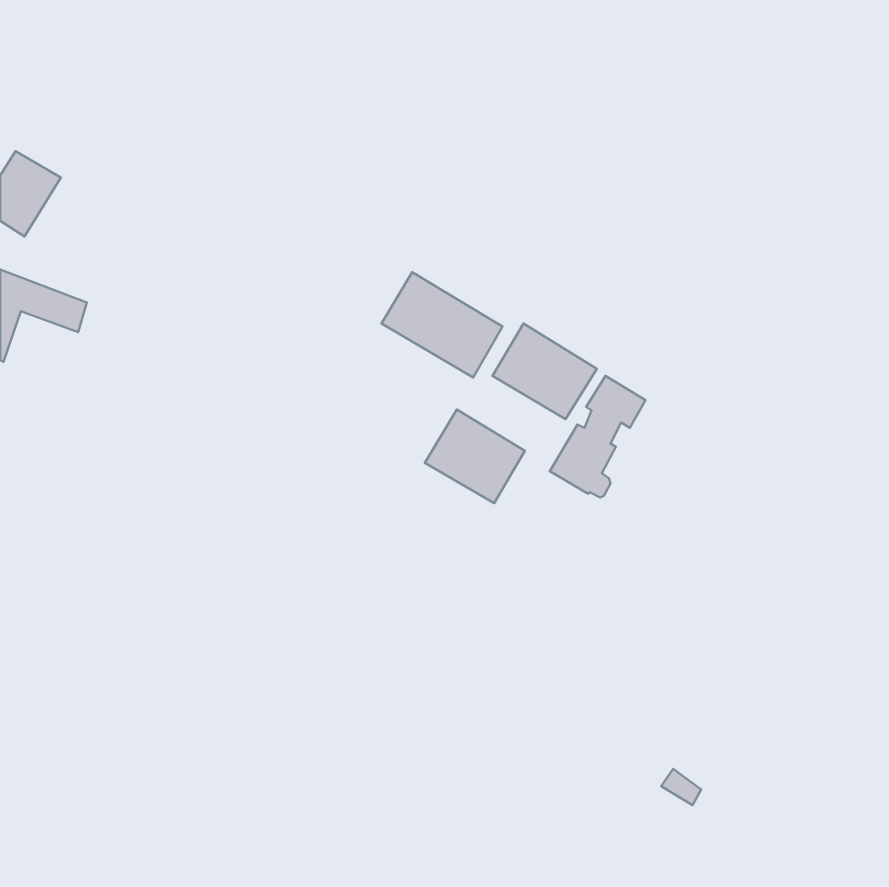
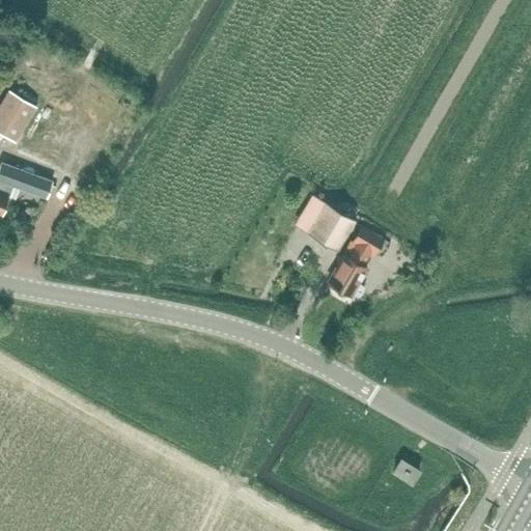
building: [381,272,502,377] -> none
building: [425,410,525,503] -> none

